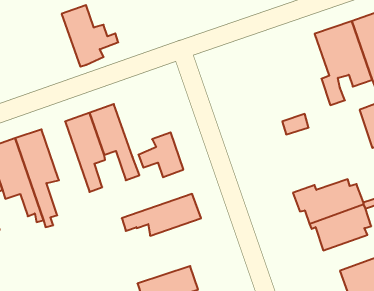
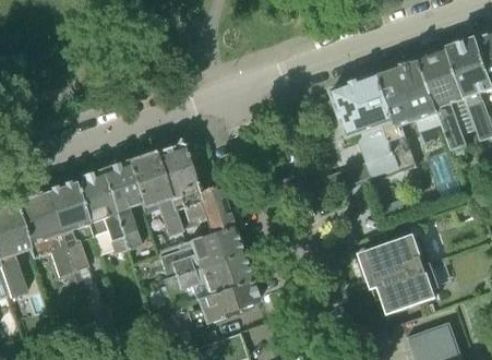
building: [62,5,118,67] -> [154,141,217,209]
building: none -> [331,72,400,171]
building: none -> [73,170,127,253]
building: none -> [158,224,241,278]
building: none -> [187,278,259,331]

